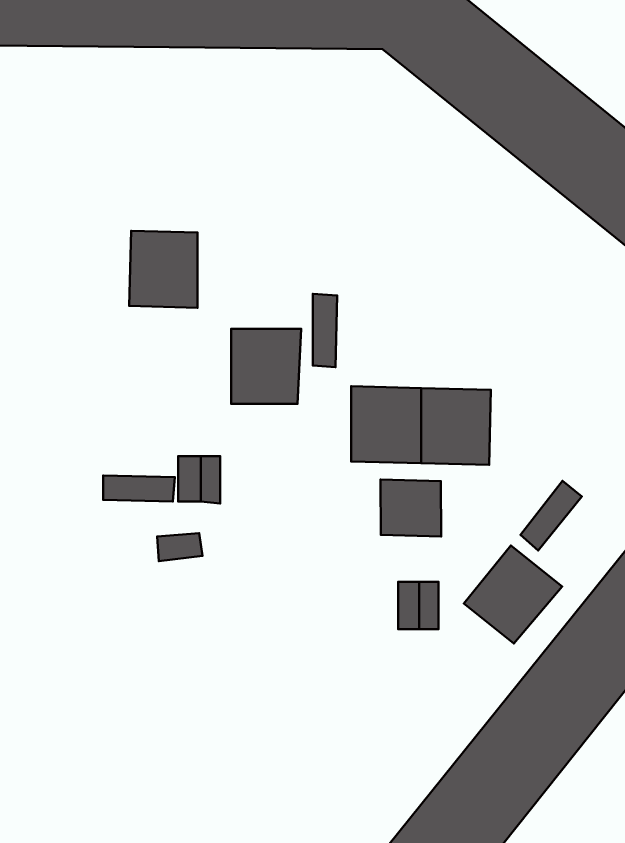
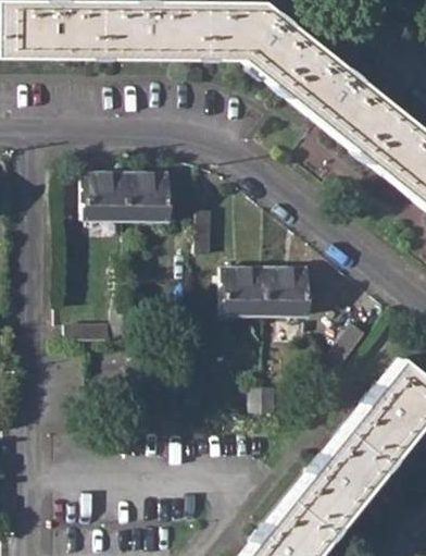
building: [231,329,301,404] -> [125,172,168,219]
building: [381,480,441,536] -> none
building: [464,545,562,643] -> none

